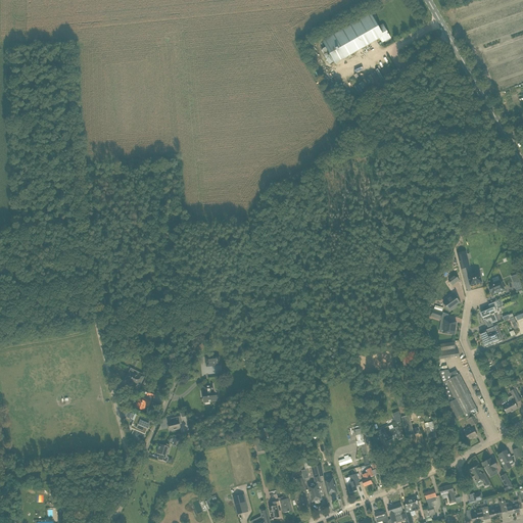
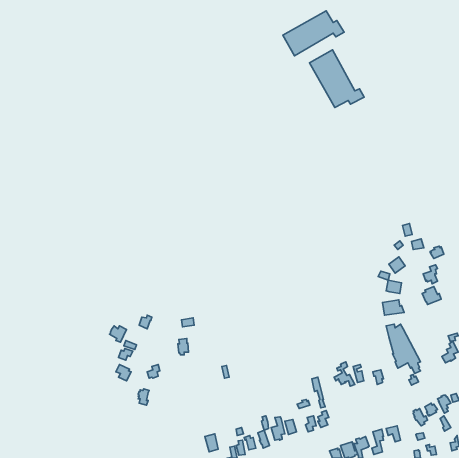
building: none -> [309,50,364,108]

